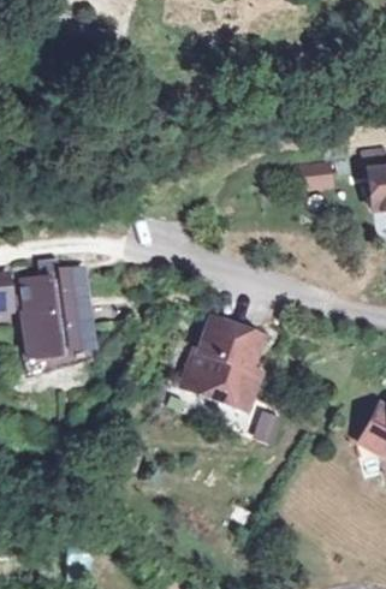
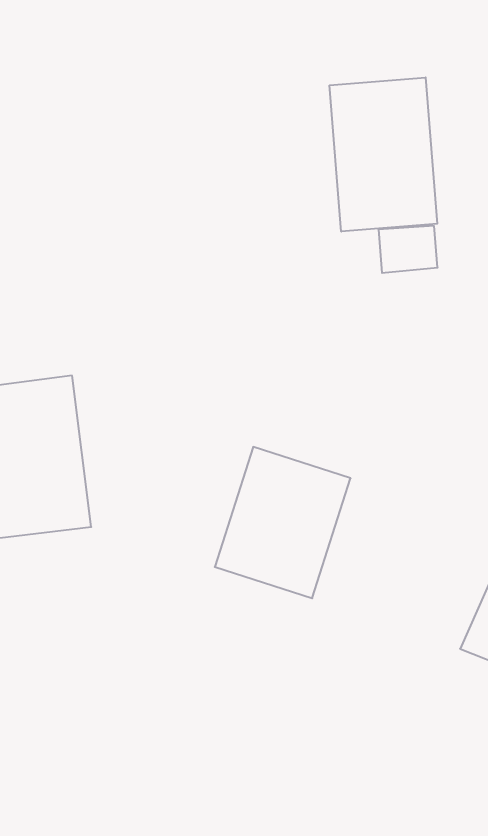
building: none -> [330,77,437,232]

